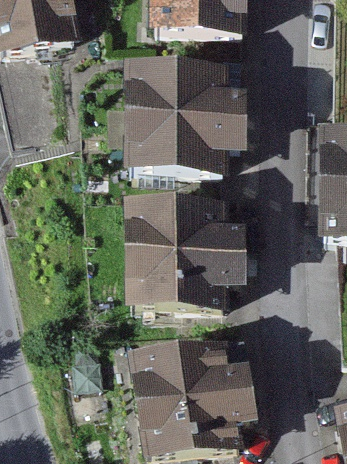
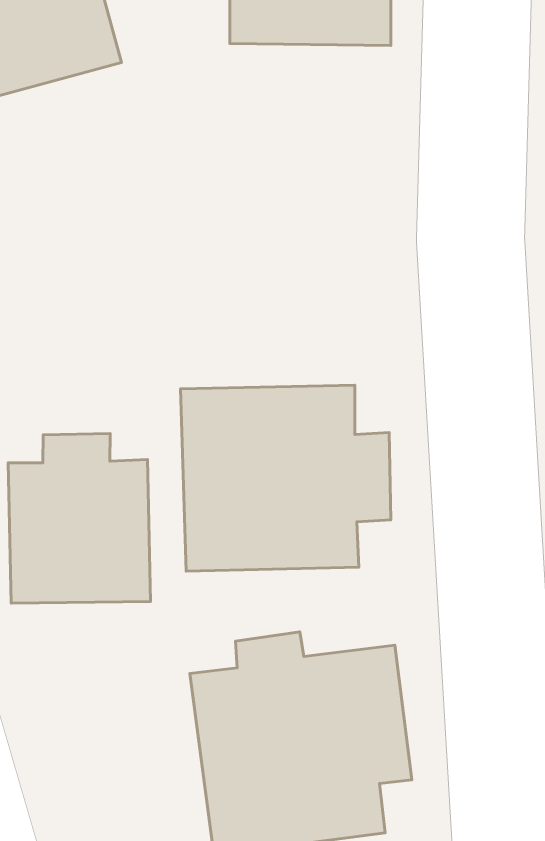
building: [128,70,237,166] -> none
building: none -> [8,433,151,603]

